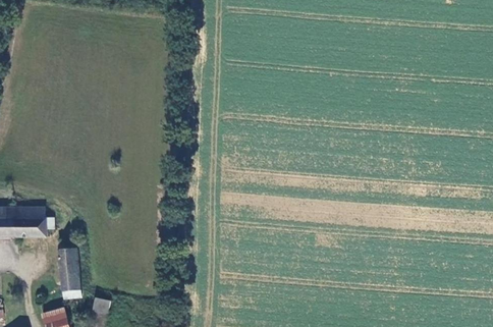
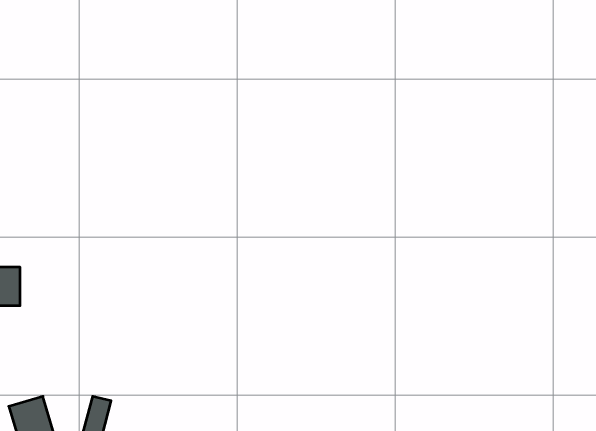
building: [59,248,78,288] -> none

